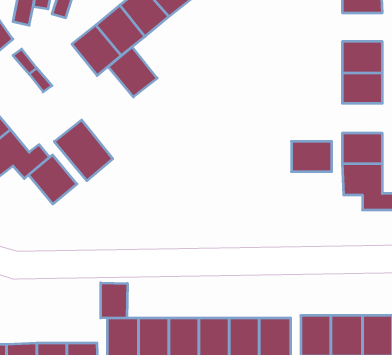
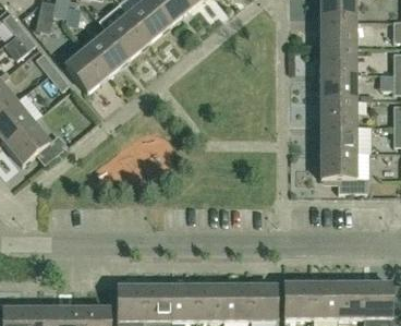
building: none -> [320,20,355,45]
building: [108,47,157,97] -> [65,47,108,90]
building: [54,120,113,181] -> none
building: [291,141,332,172] -> [320,98,355,124]
building: [28,155,77,204] -> none
building: [101,283,127,318] -> none

